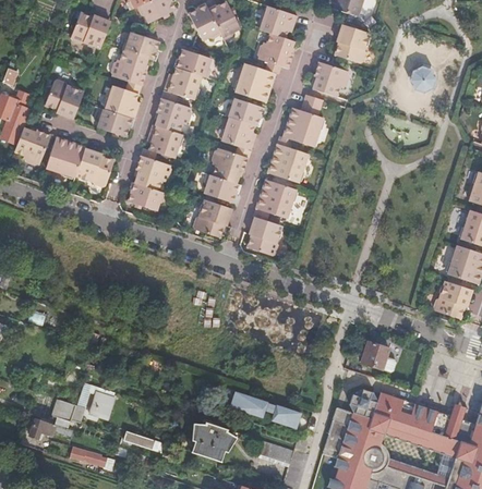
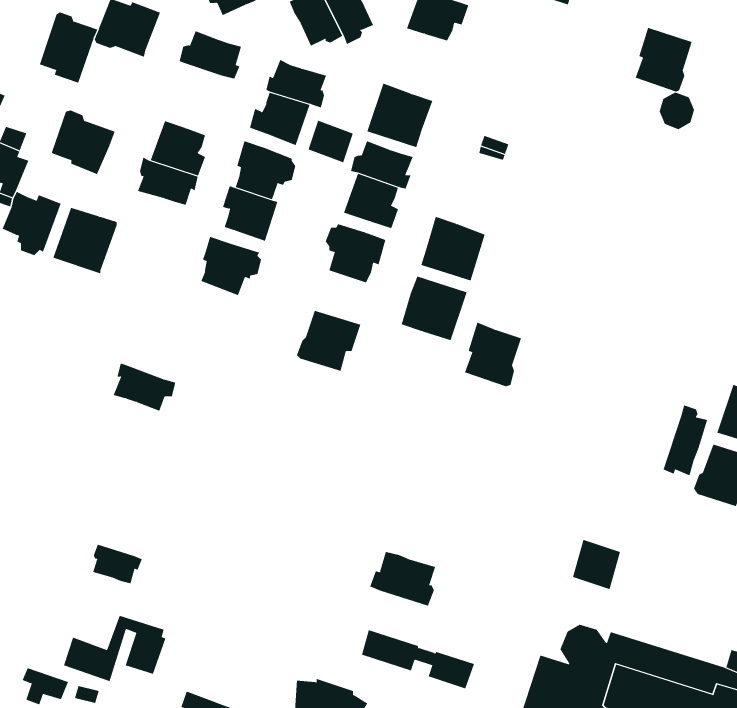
building: none -> [39,12,98,83]
building: [335,24,370,63] -> [635,27,693,92]
building: [256,33,294,69] -> none
building: [110,50,147,85] -> none
building: [313,61,351,97] -> none
building: none -> [308,120,353,163]
building: [284,107,324,147] -> none
building: [75,148,115,186] -> none
building: [204,173,241,203] -> none
building: [128,181,166,210] -> [113,363,176,411]
building: [248,216,282,255] -> [464,322,522,387]
building: none -> [663,404,708,476]
building: none -> [92,544,142,584]
building: none -> [369,551,436,607]

